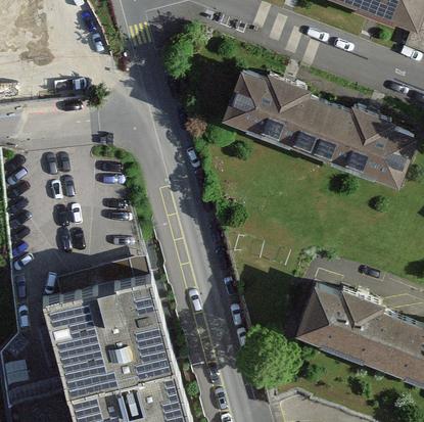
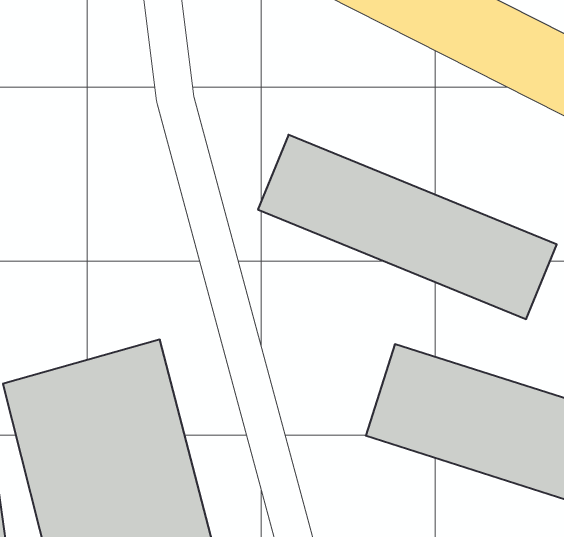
building: [213,66,413,190] -> [258,135,557,319]

